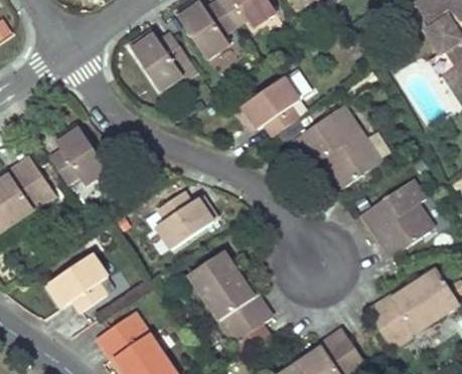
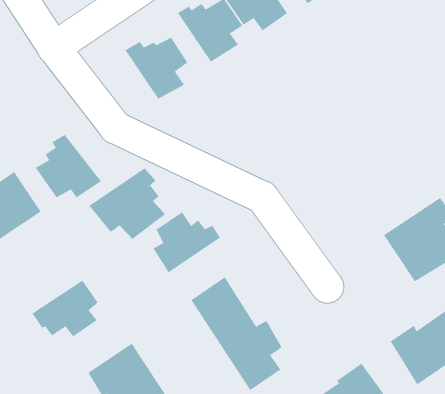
building: [236,72,299,133] -> none
building: [289,106,381,184] -> none
building: none -> [88,167,166,240]

